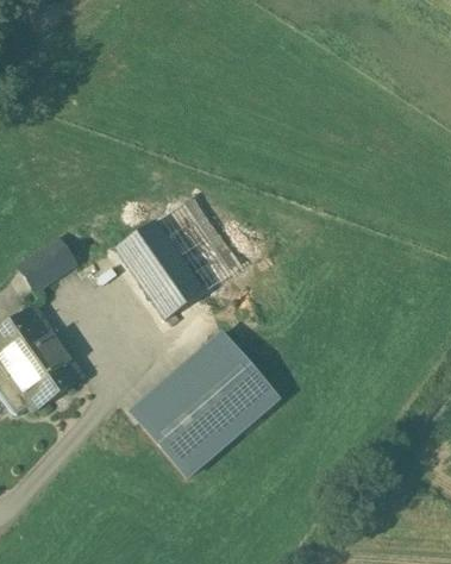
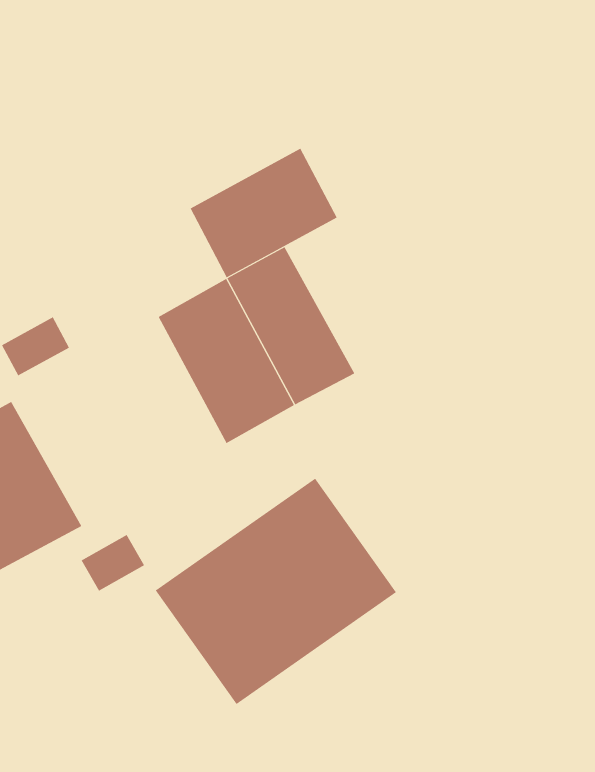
building: none -> [190,148,337,278]
building: none -> [81,534,145,591]

